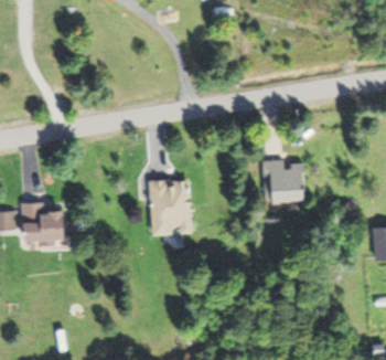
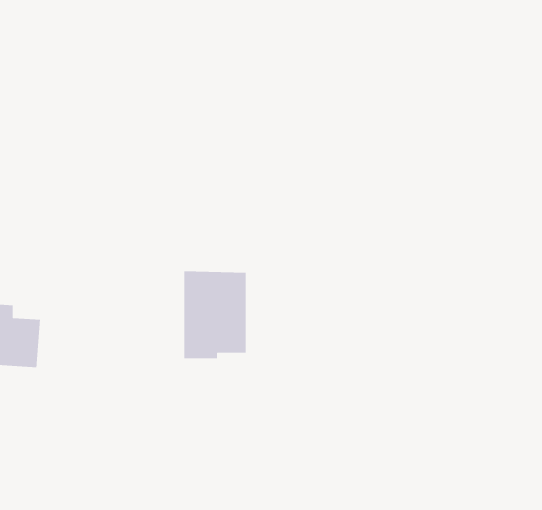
building: [266,161,302,202] -> none

